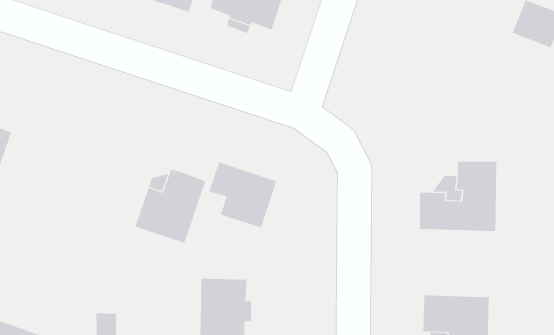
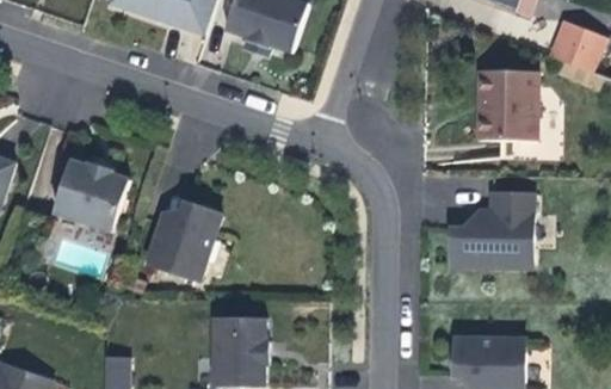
building: none -> [479,70,537,141]
building: none -> [54,161,130,231]
building: [209,161,277,228] -> none

